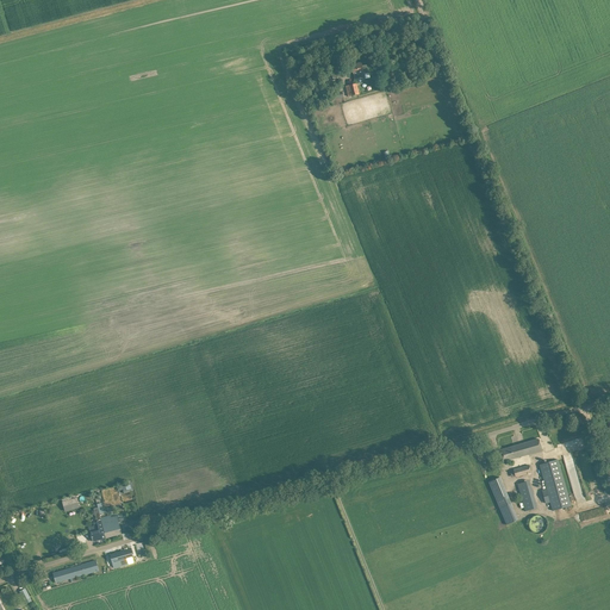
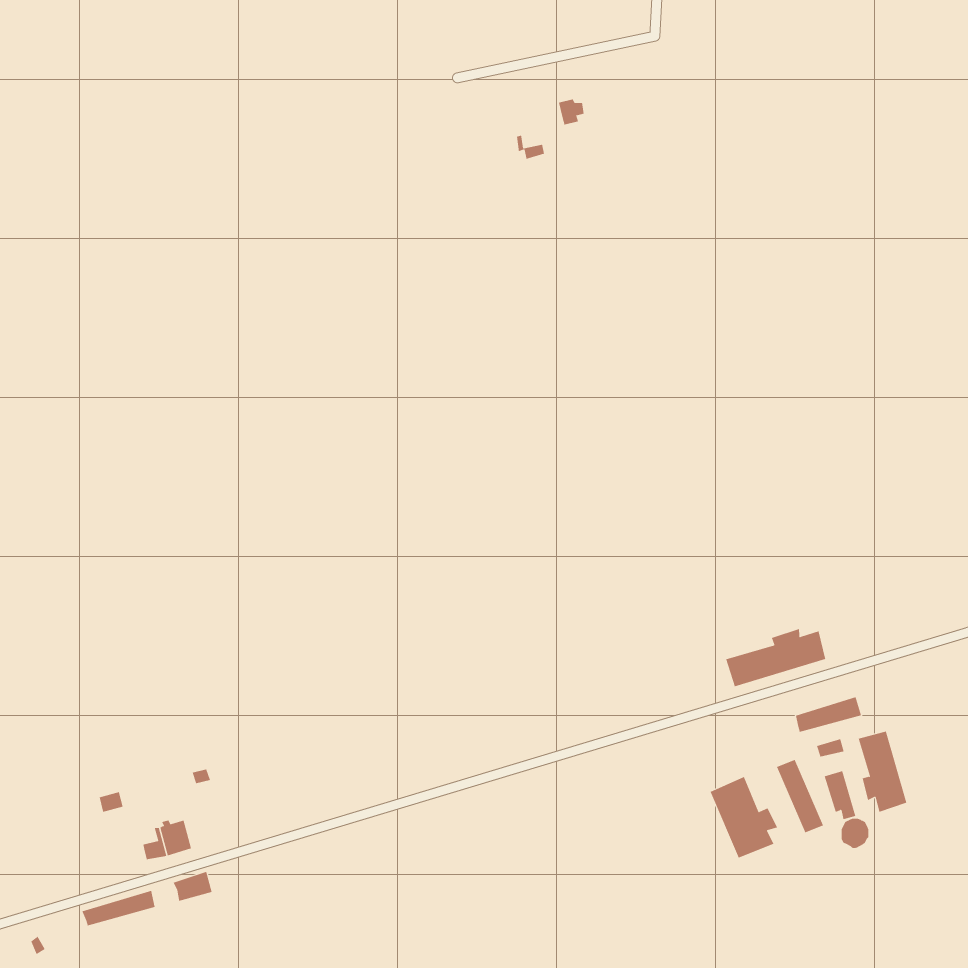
building: none -> [725,628,826,687]
building: none -> [710,776,778,858]

